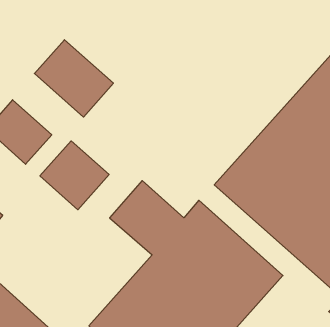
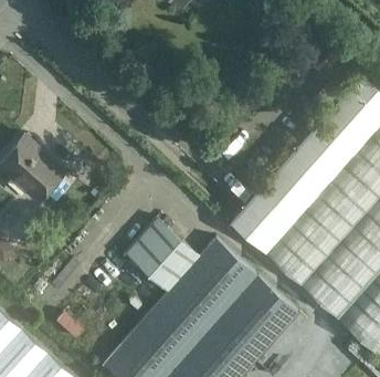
building: [34,40,113,117] -> none
building: [40,141,109,210] -> none

